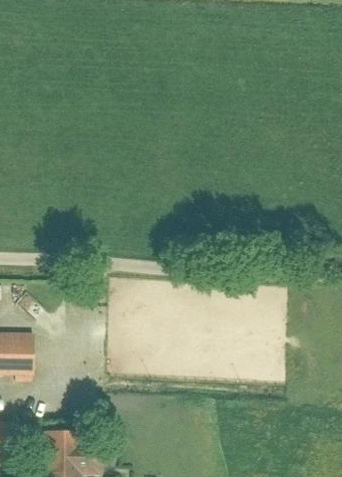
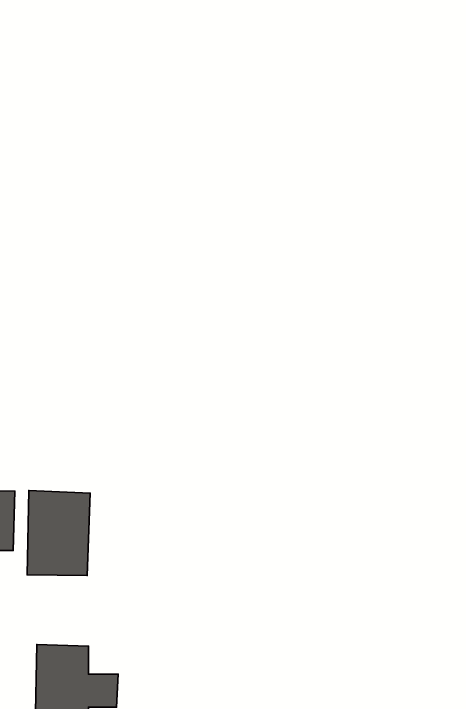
building: none -> [27,491,90,576]

